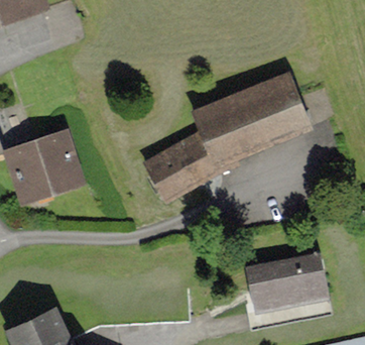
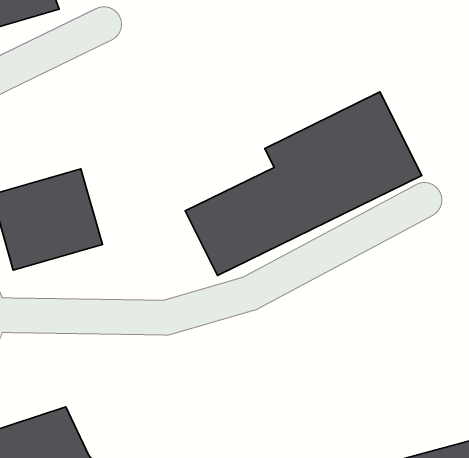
building: [238,253,326,312] -> none

